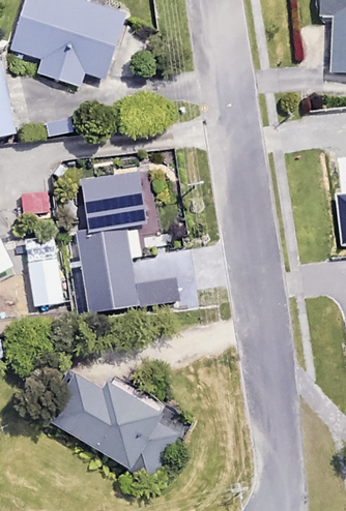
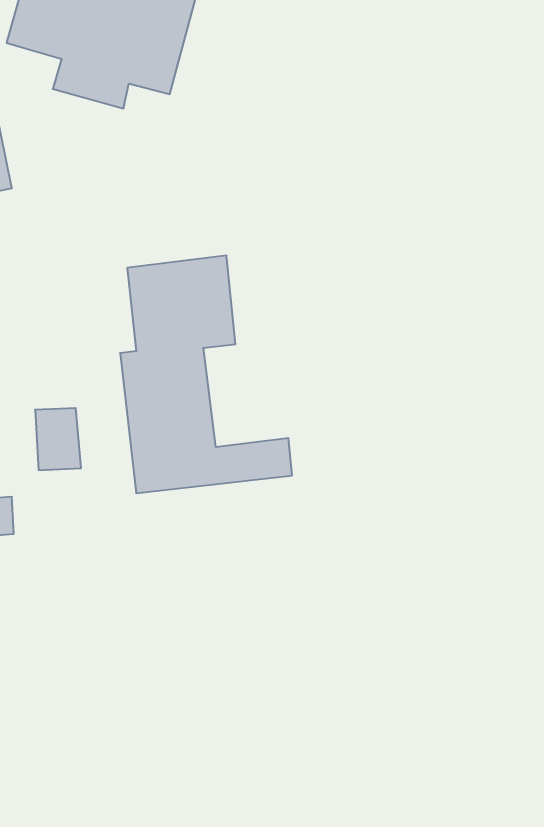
building: [44,371,183,475] -> none

